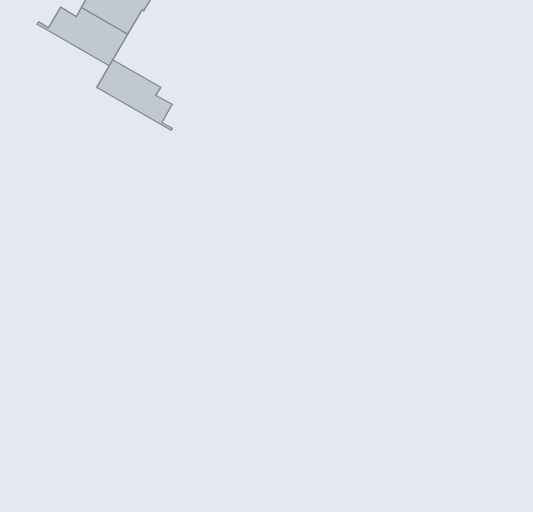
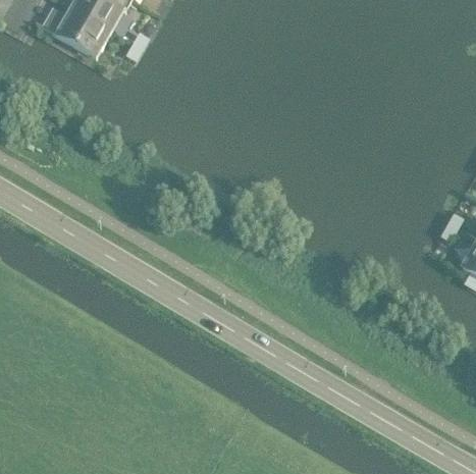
building: [97,60,172,130] -> none

